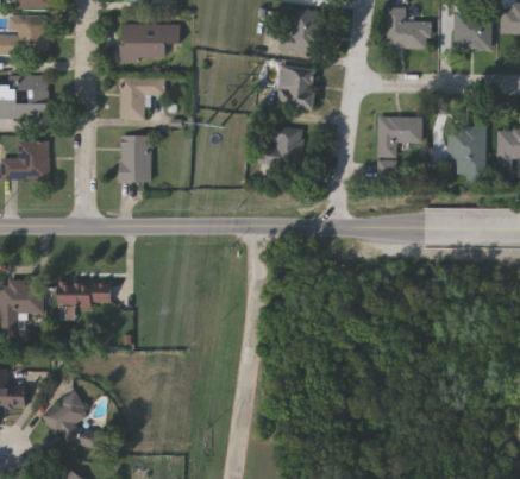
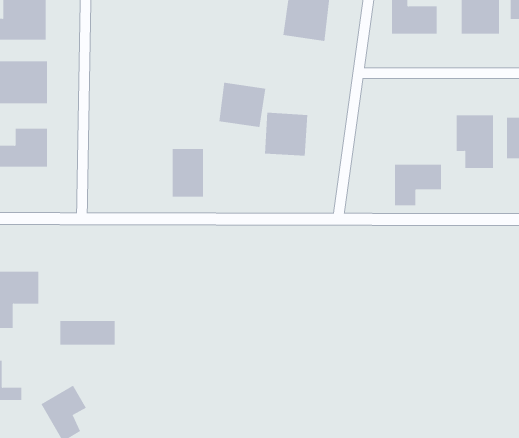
building: [121,25,175,62] -> none
building: [275,68,321,112] -> [218,82,266,127]
building: [120,76,164,119] -> none
building: [376,119,422,159] -> [394,164,442,206]
building: [120,134,151,182] -> [172,148,204,197]
building: [56,281,111,304] -> [59,321,116,345]

